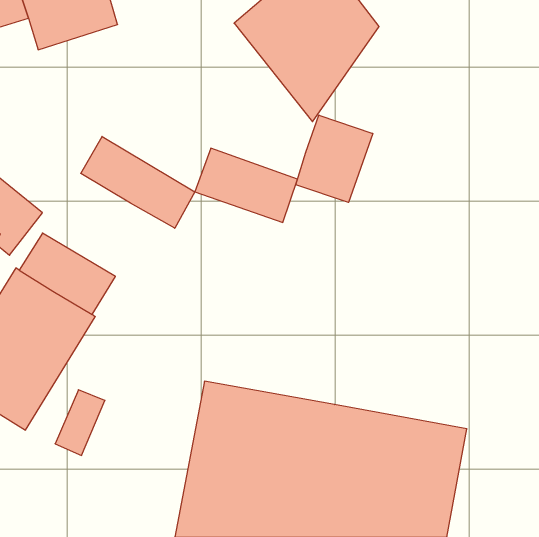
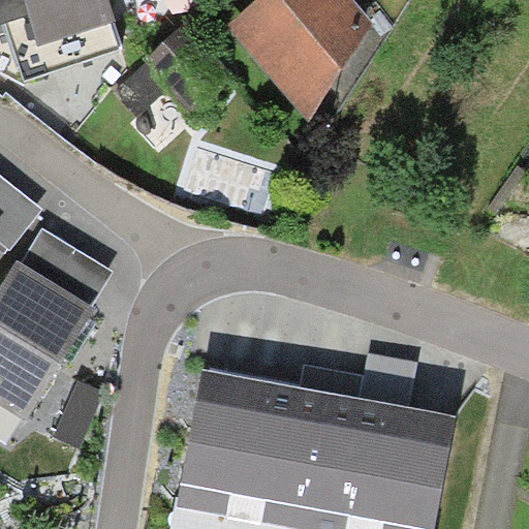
building: [296,115,373,202] -> none
building: [81,136,195,228] -> none

